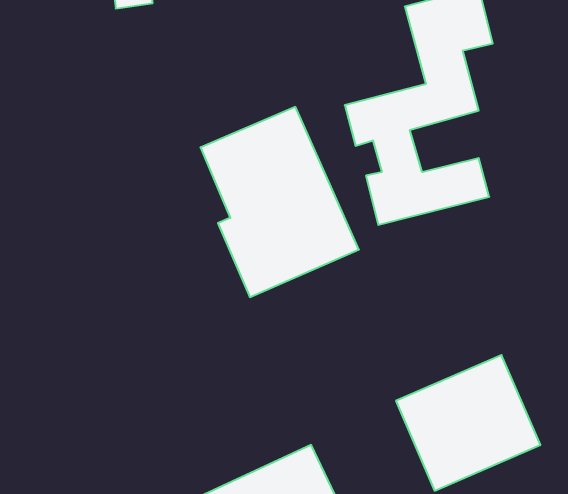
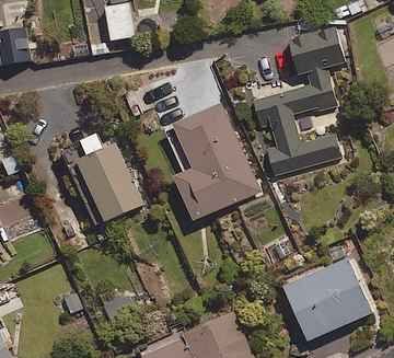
building: none -> [77,134,142,220]

